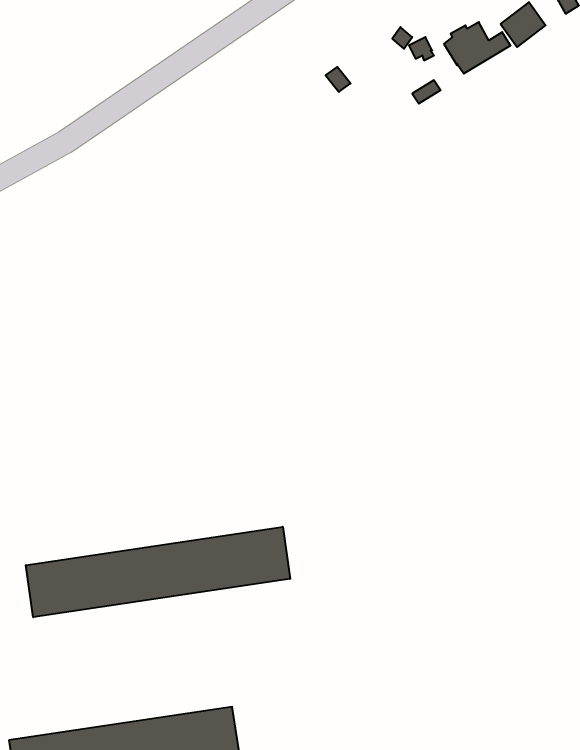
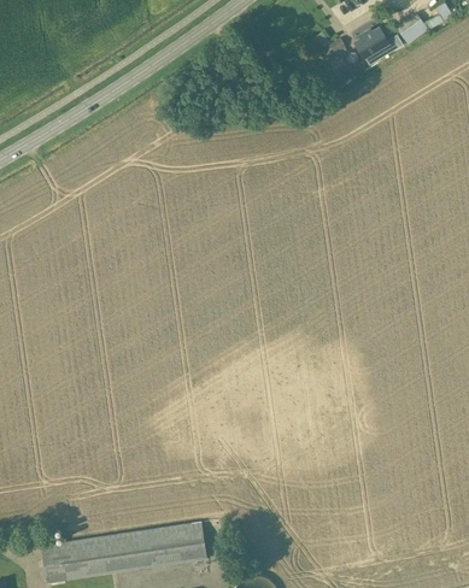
building: [26,527,290,617] -> none

